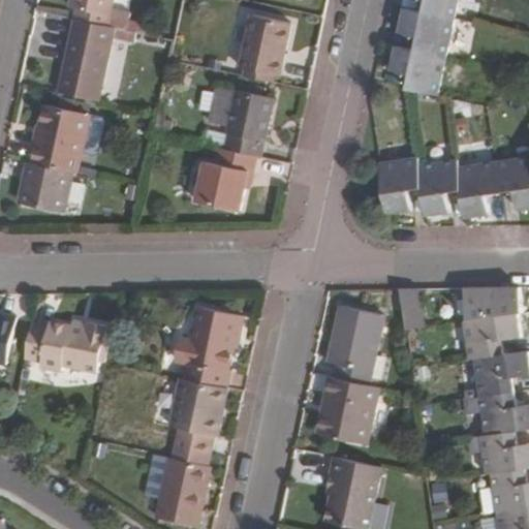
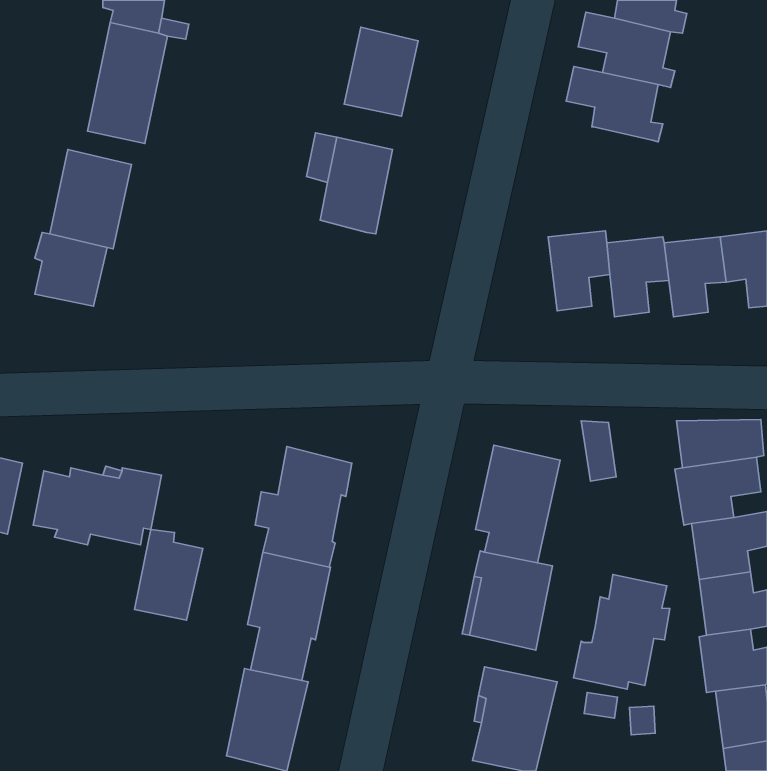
building: [191,151,251,215] -> none
building: none -> [134,530,203,620]
building: none -> [573,575,670,689]

